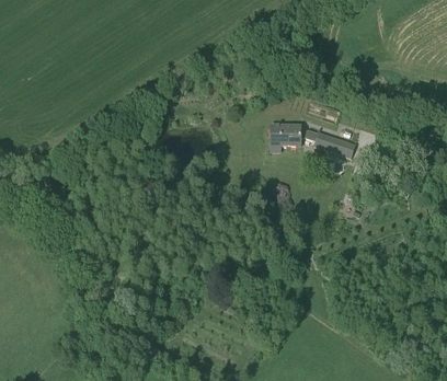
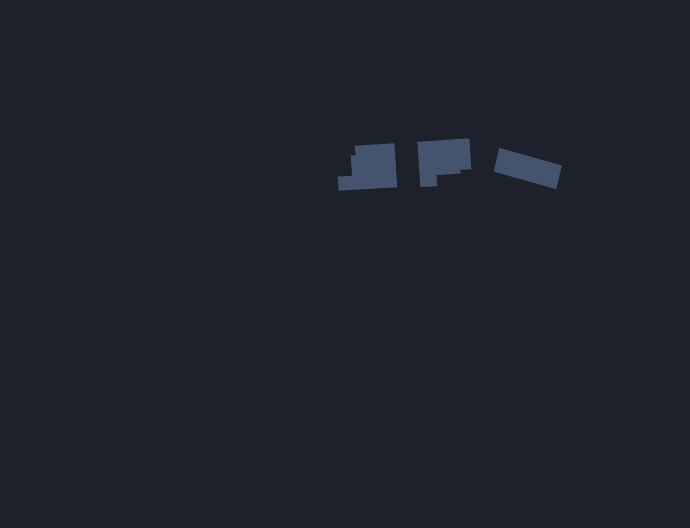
building: none -> [337,142,398,192]

